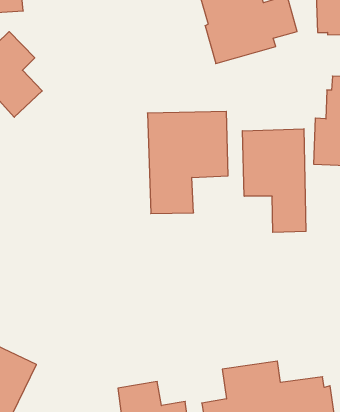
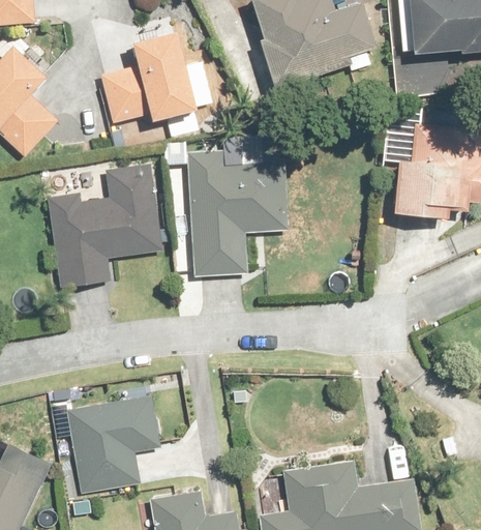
building: none -> [102,33,213,138]
building: none -> [48,164,159,288]
building: [242,129,306,232] -> none
building: none -> [67,394,161,490]

